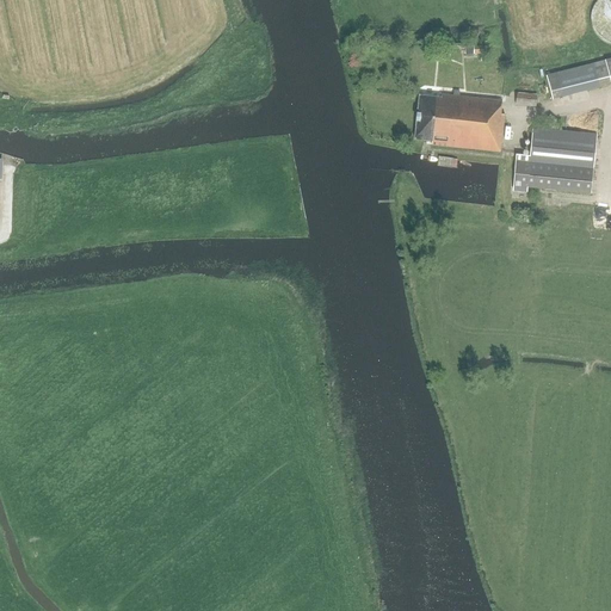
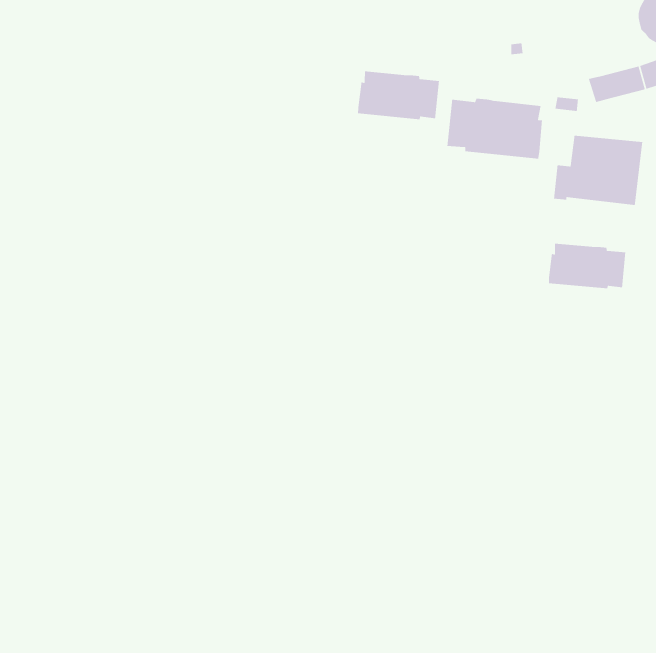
building: none -> [357,70,440,120]
building: none -> [548,243,626,289]

